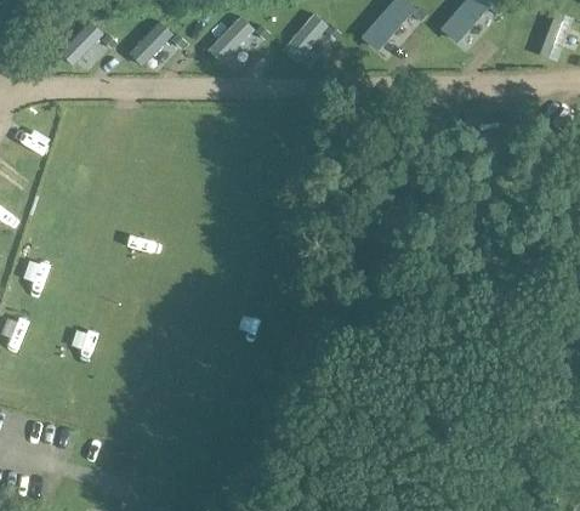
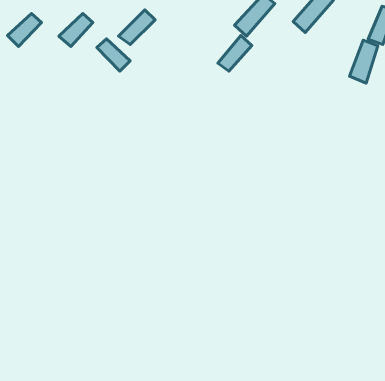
building: [285,13,330,61] -> [218,36,252,71]
building: none -> [97,39,130,71]
building: none -> [350,40,378,83]

